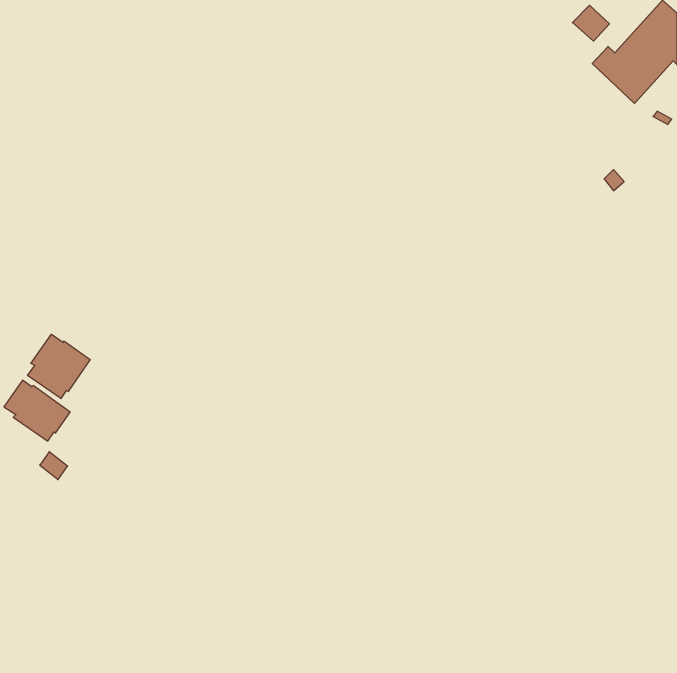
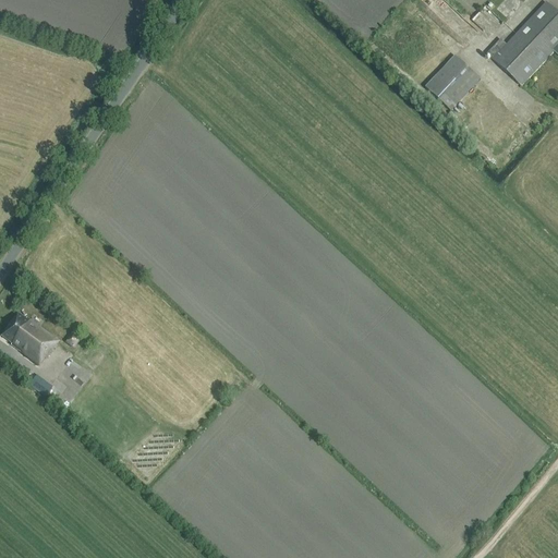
building: none -> [425,54,481,110]
building: [28,334,90,399] -> none

